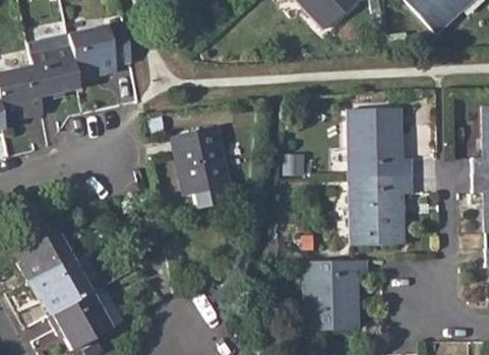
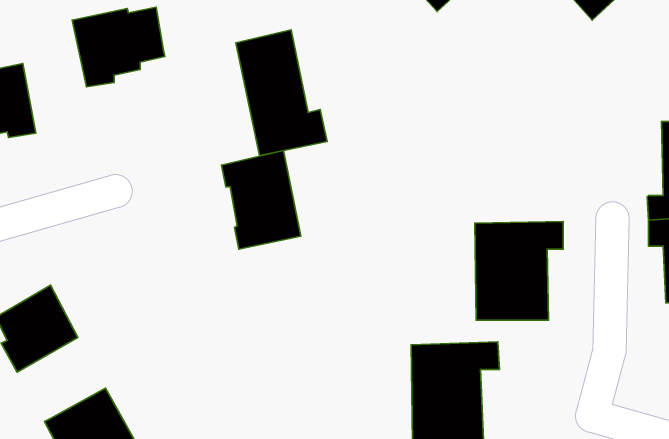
building: [30,34,79,103] -> none
building: none -> [236,30,327,156]
building: [349,108,413,176] -> none
building: [29,257,91,313] -> none

